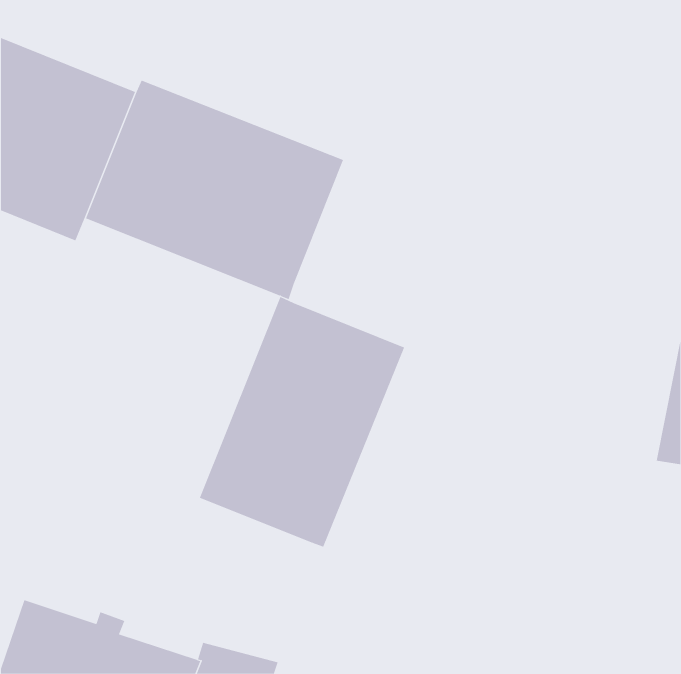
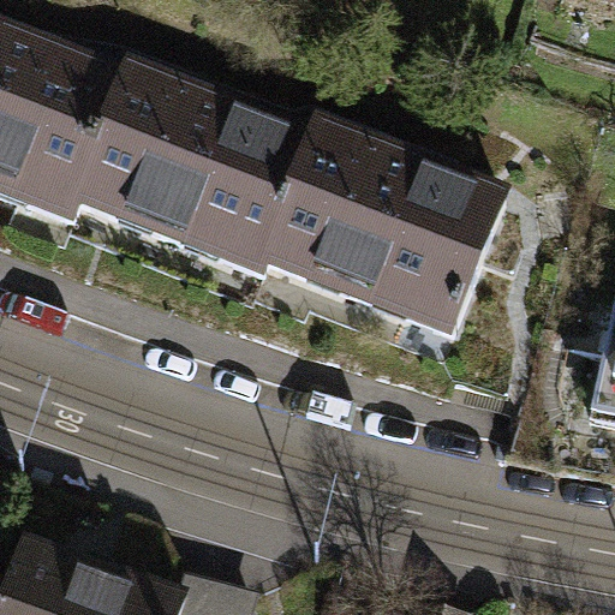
building: none -> [265,129,500,329]
building: [199,296,405,547] -> none

